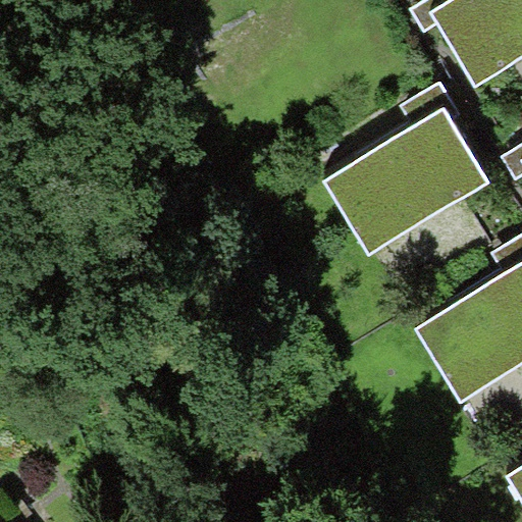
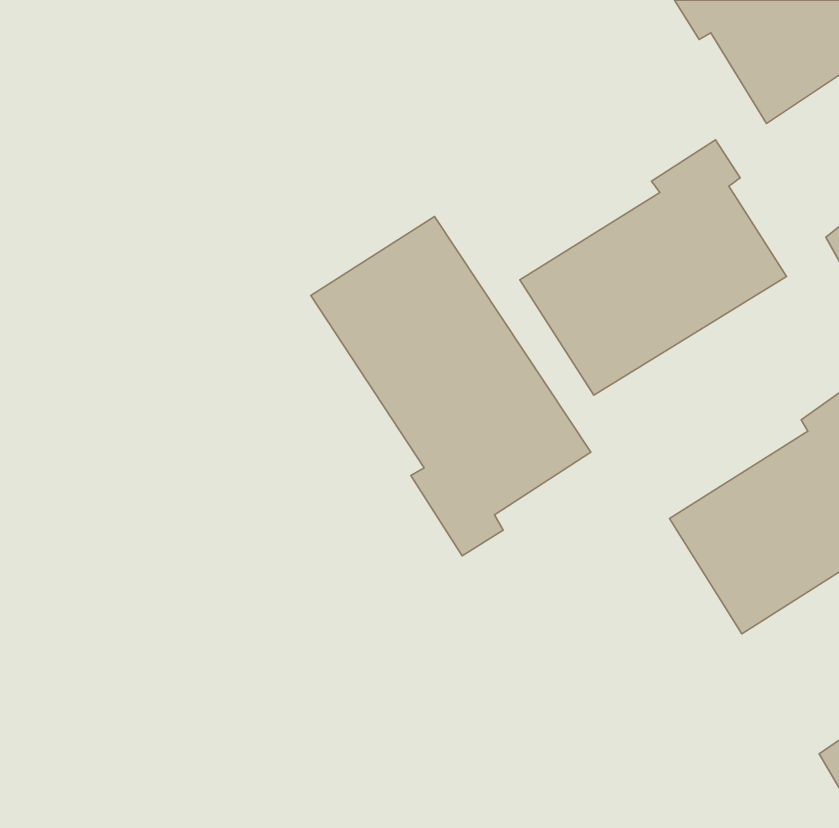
building: none -> [311,216,591,556]

